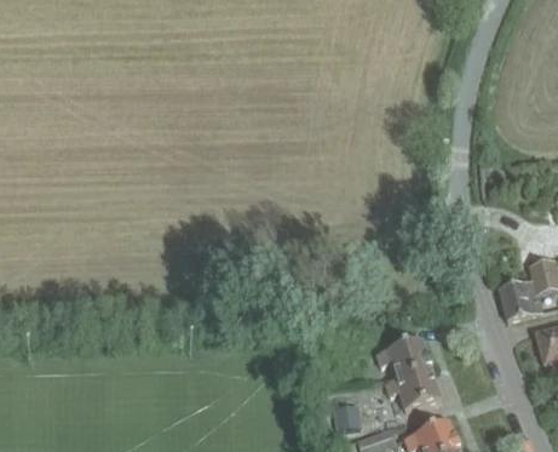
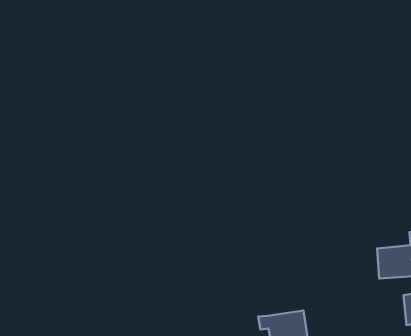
building: [374,337,431,378] -> none

